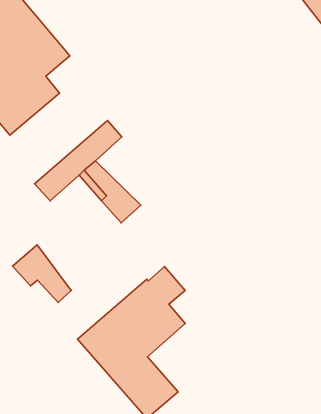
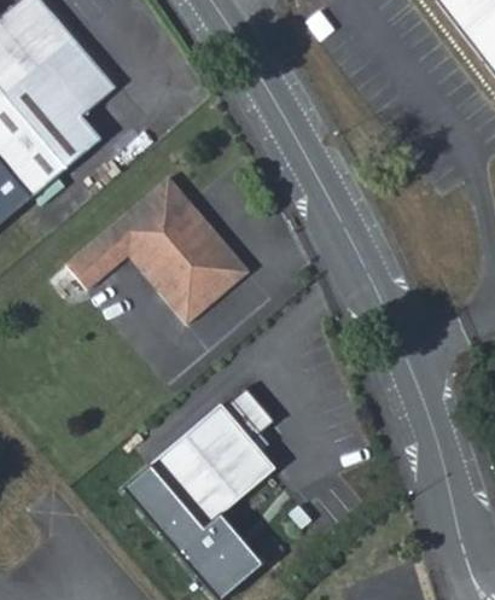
building: none -> [150,200,246,297]
building: [13,245,71,302] -> none

